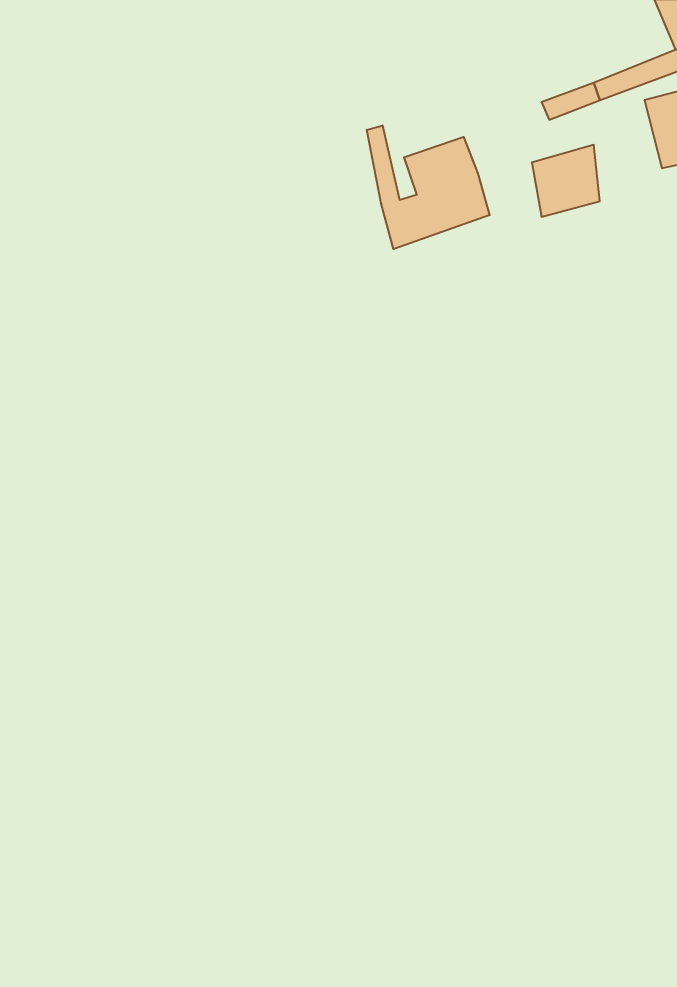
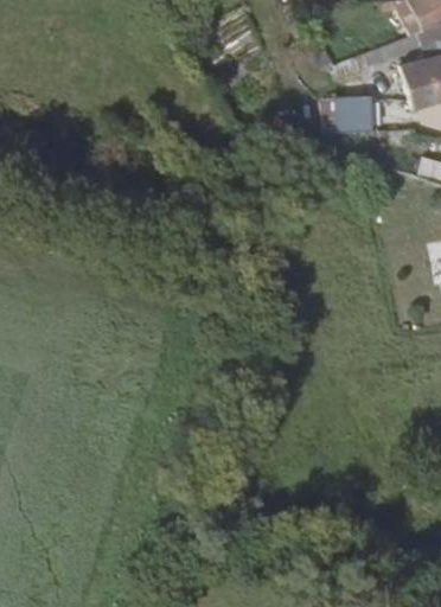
building: [367,125,490,249] -> none

